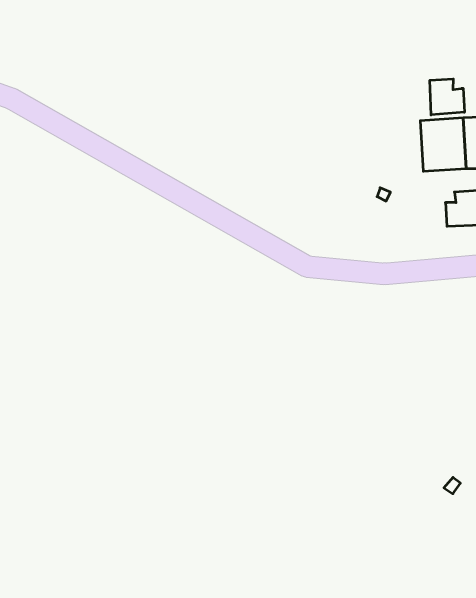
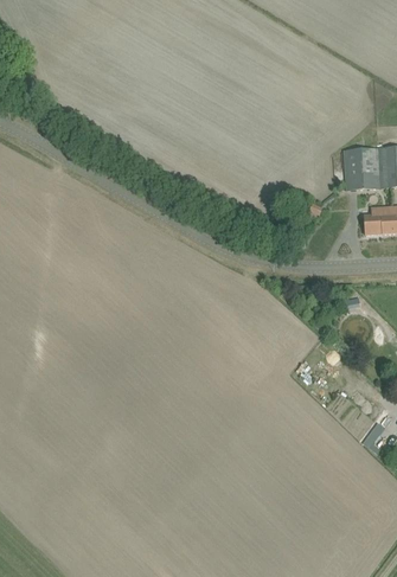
building: [430,79,464,115] -> none

